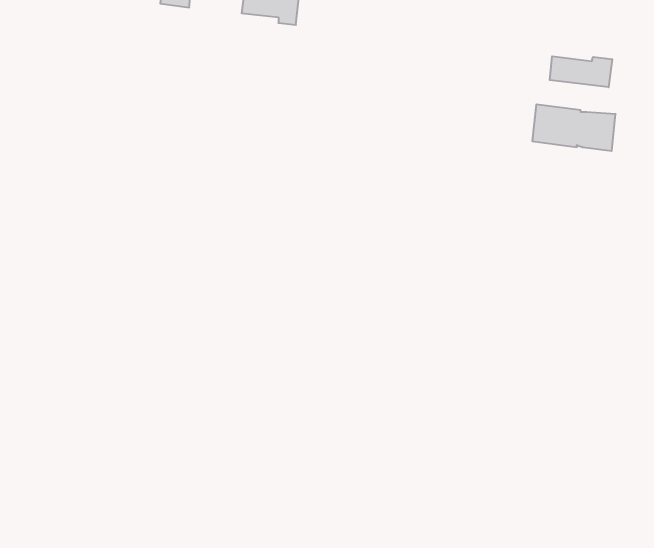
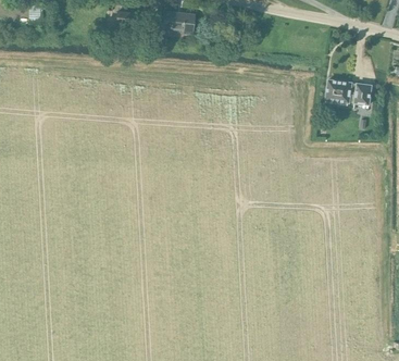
building: [550,56,612,87] -> none

